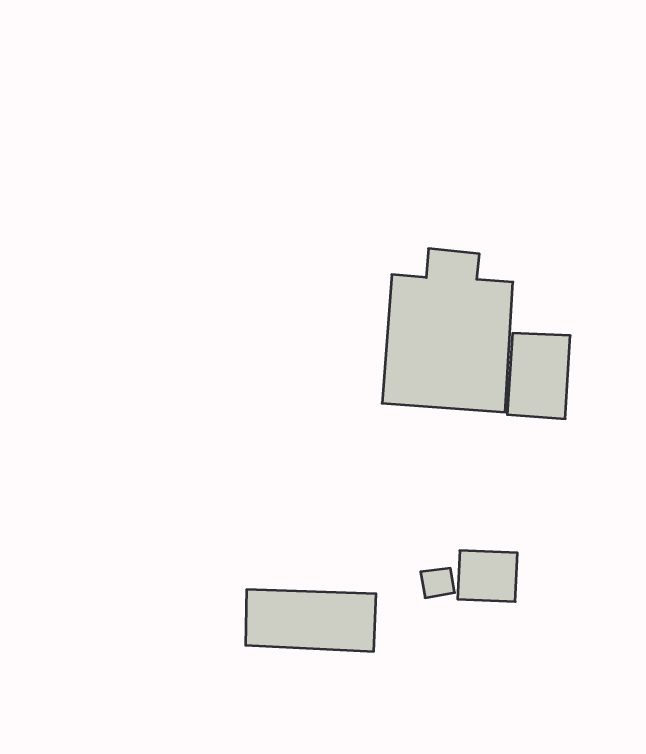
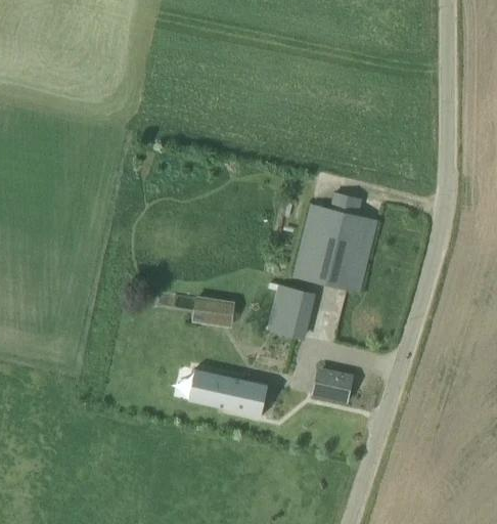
building: [507,333,570,419] -> [275,280,319,335]
building: none -> [192,297,224,326]

